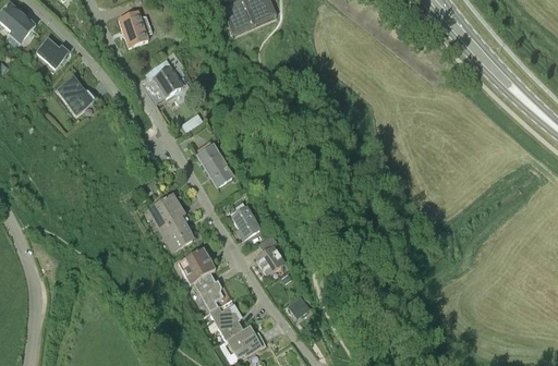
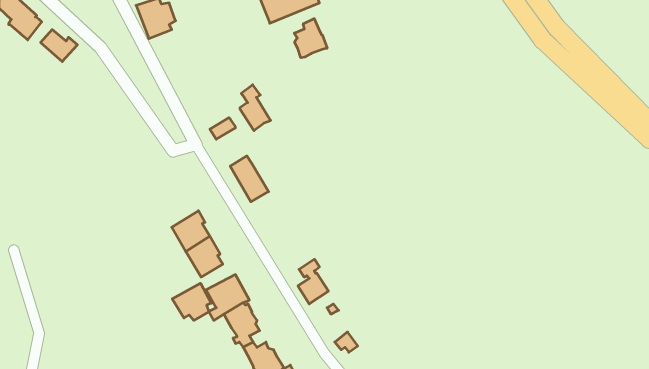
building: none -> [294,19,327,58]
building: [154,58,180,97] -> [240,85,271,131]
building: [56,76,96,113] -> none
building: [231,203,259,237] -> none
building: none -> [172,283,211,320]

